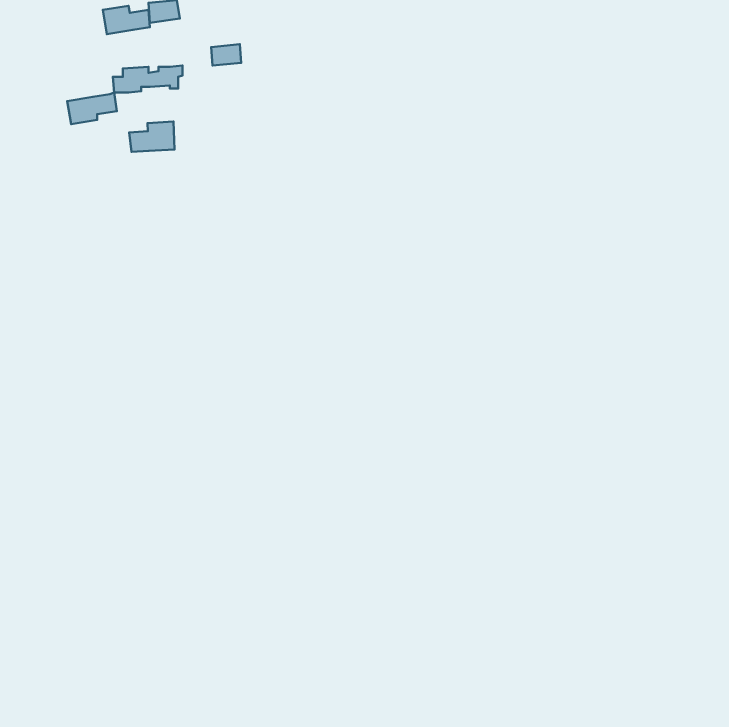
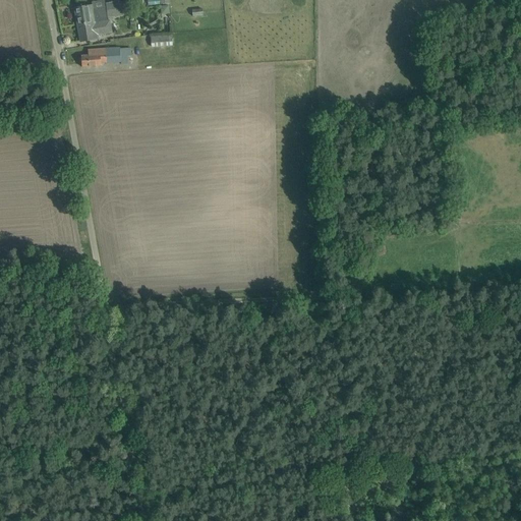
building: [67,93,117,124] -> [76,18,112,41]
building: [129,122,175,152] -> none

